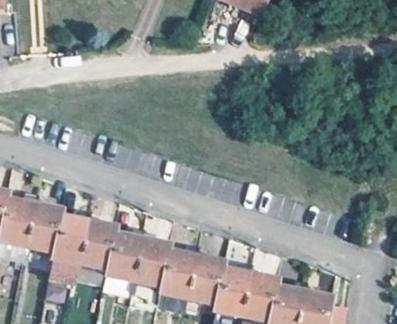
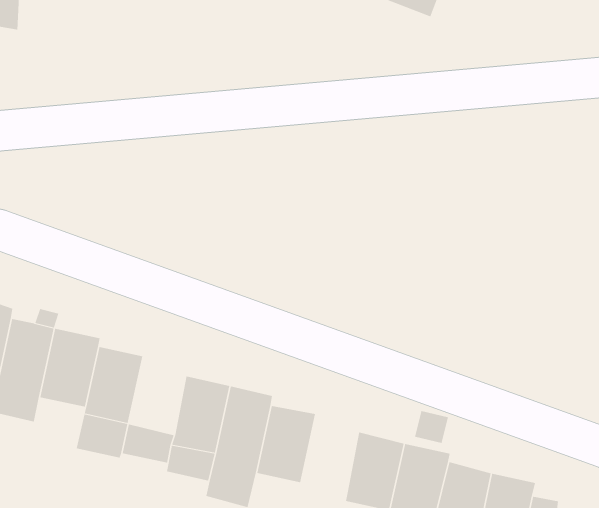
building: [82,220,118,268] -> none
building: [187,255,223,303] -> none

